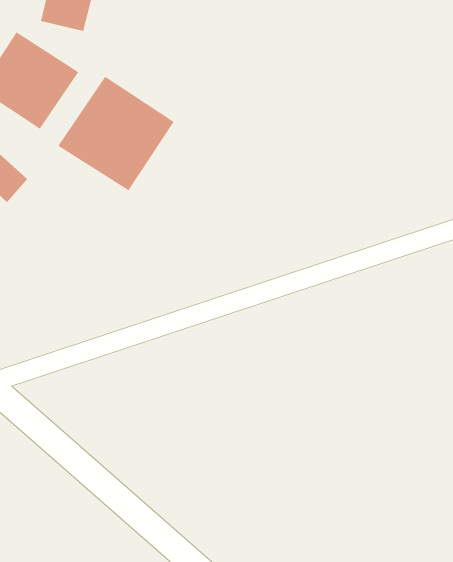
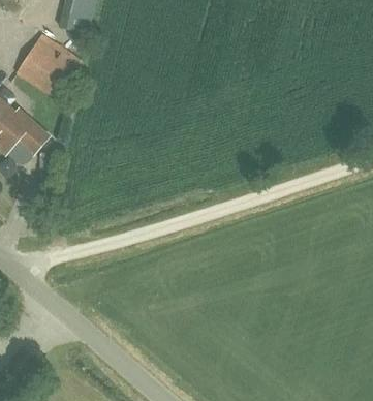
building: [58,76,174,191] -> none

